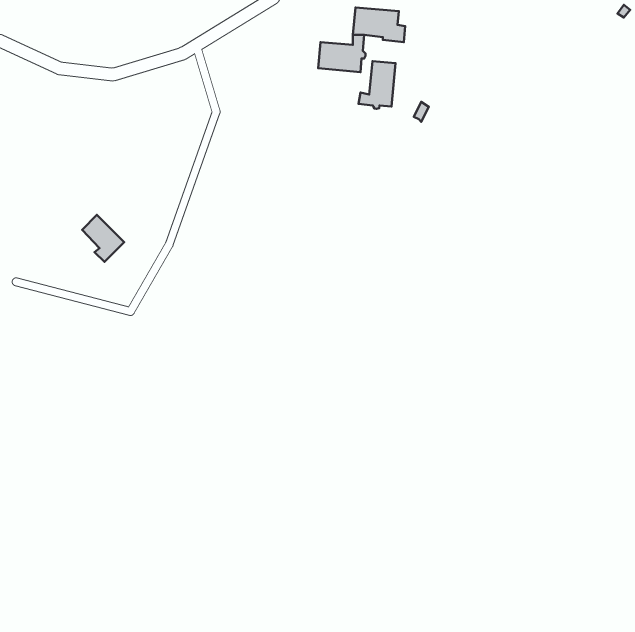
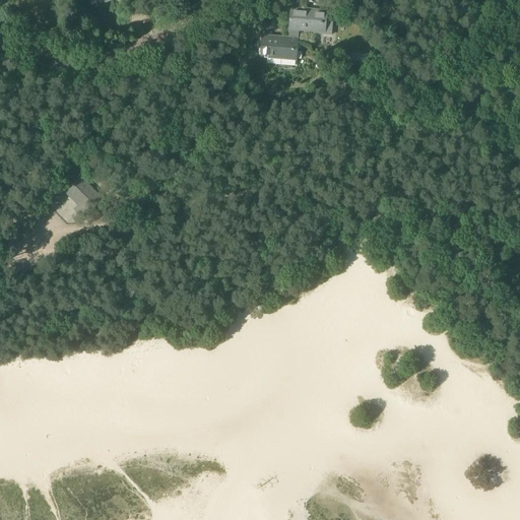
building: [359,61,395,109] -> none

